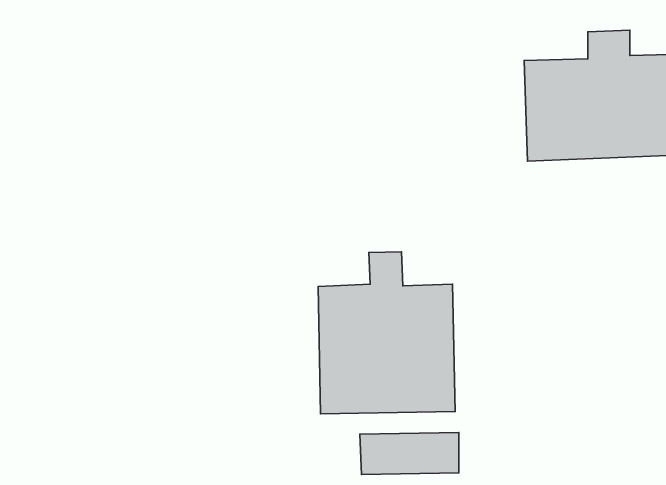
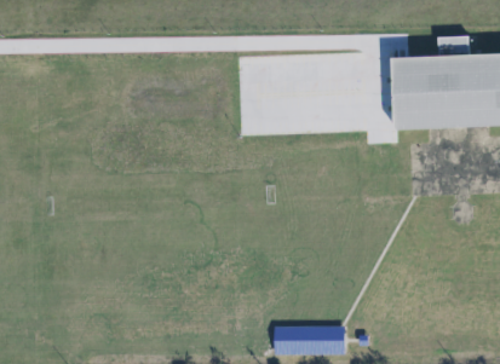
building: [318,252,455,414] -> none

